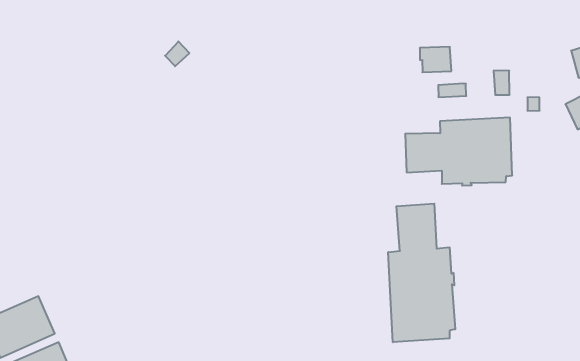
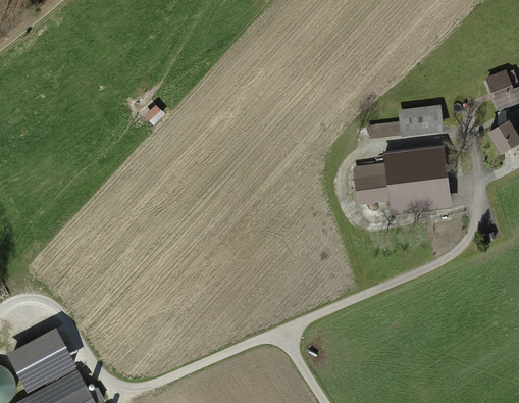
building: [420,47,451,72] -> [399,108,427,132]
building: [388,204,455,342] -> none

